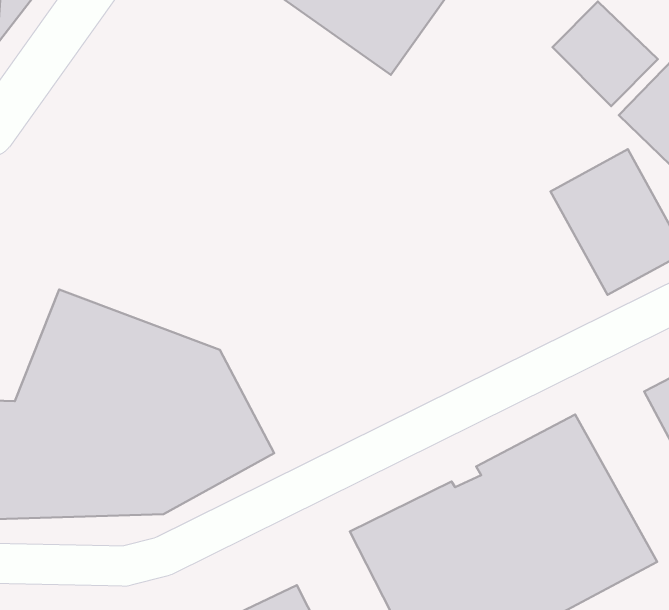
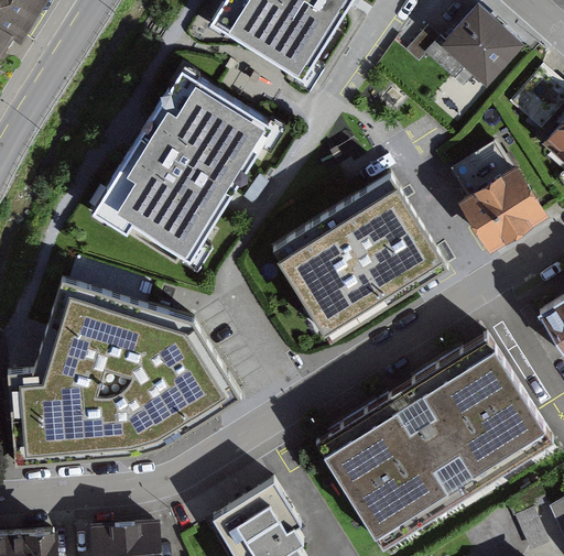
building: none -> [96,61,280,253]
building: none -> [251,162,463,351]

